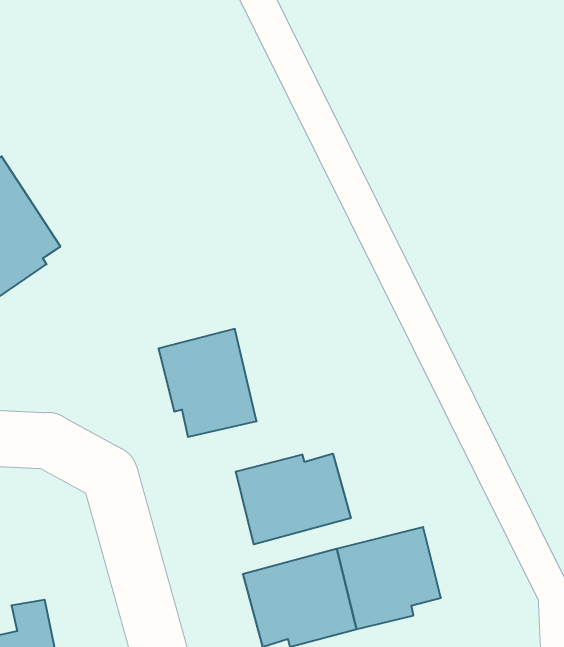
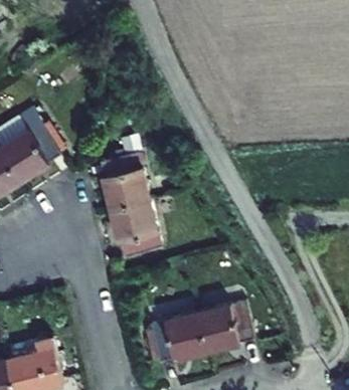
building: none -> [102,151,148,208]
building: [236,454,351,544] -> none

